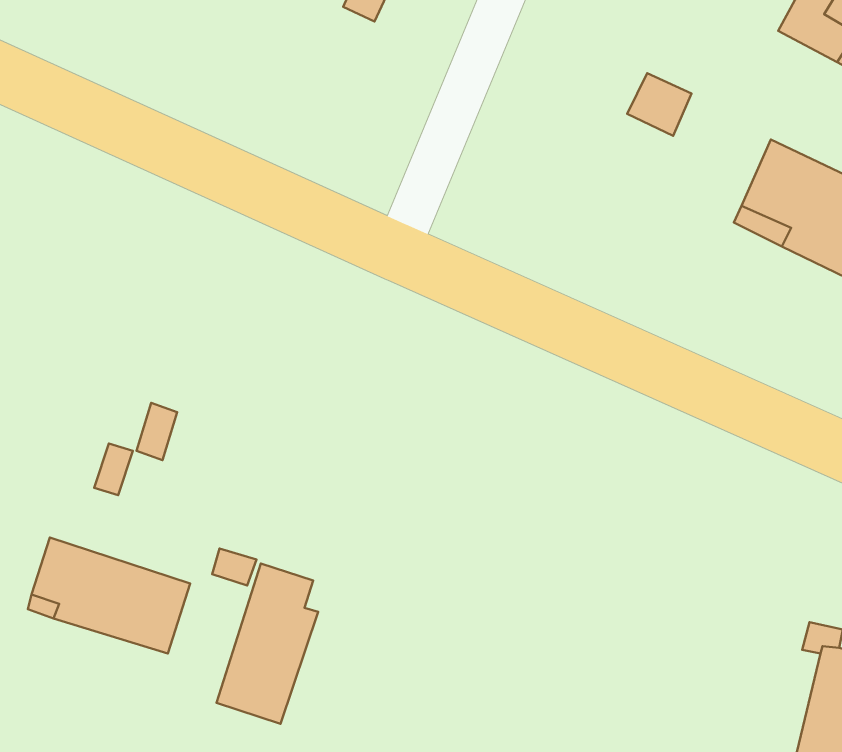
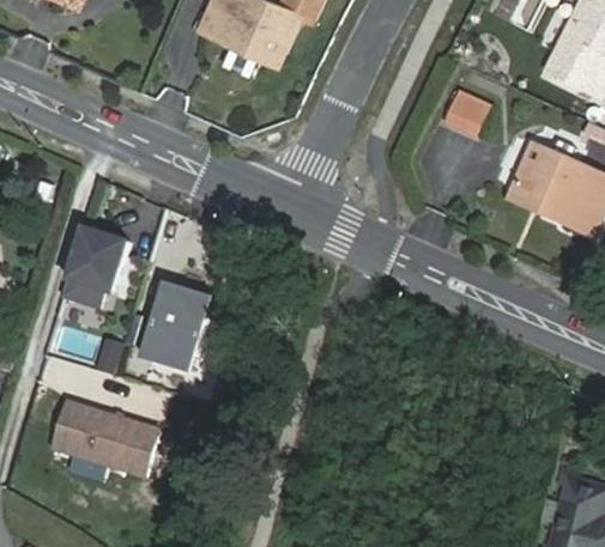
building: none -> [62,229,128,308]
building: none -> [144,282,213,373]
building: [217,564,318,724] -> none

